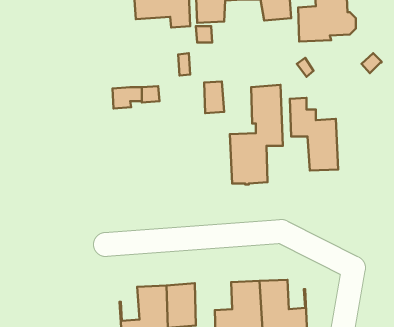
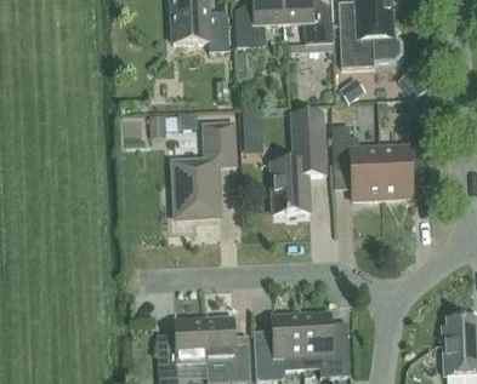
building: none -> [380,116,430,197]
building: none -> [174,122,235,217]

